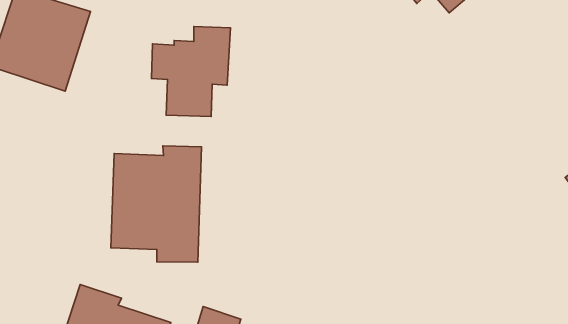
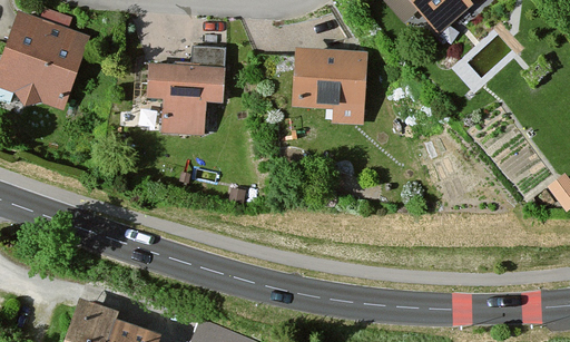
building: none -> [293,49,368,125]
building: [111,146,201,262] -> none

